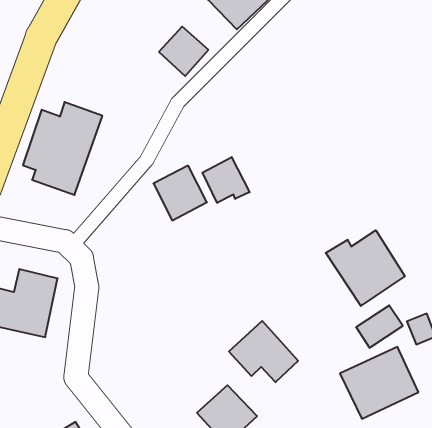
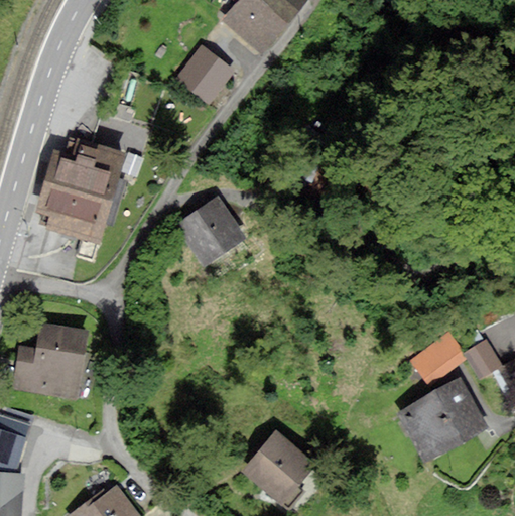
building: [202,157,250,203] -> none
building: [326,230,405,306] -> none
building: [229,321,298,382] -> none

